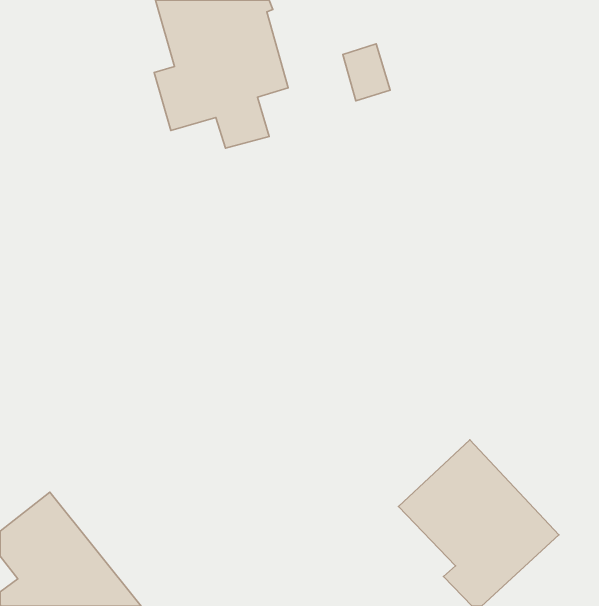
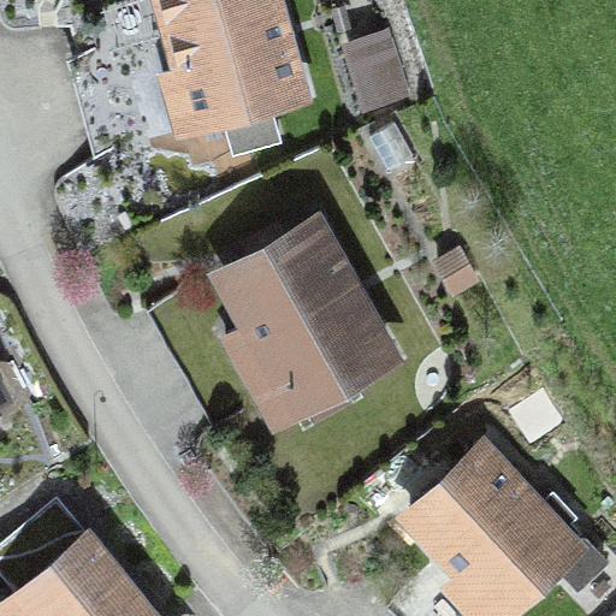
building: none -> [226,223,389,420]

